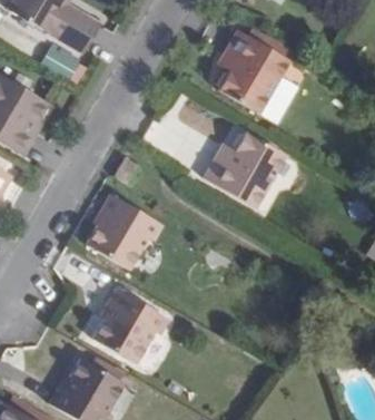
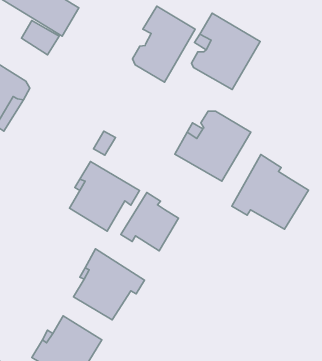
building: none -> [133,6,195,82]
building: none -> [232,154,308,229]
building: none -> [121,193,179,251]

